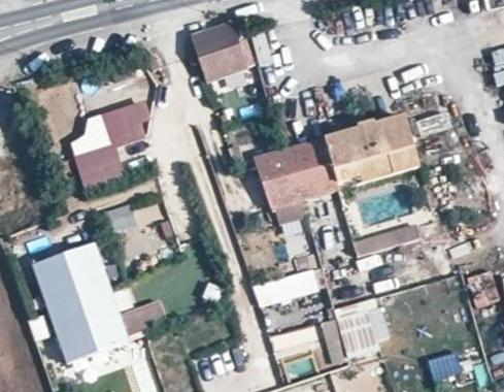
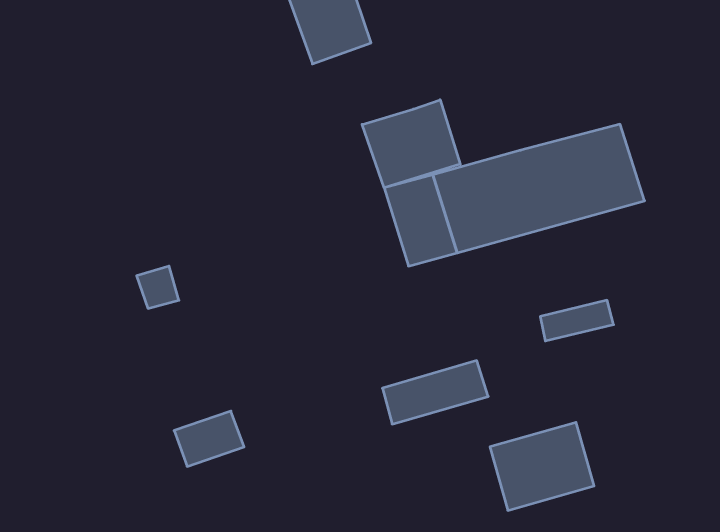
building: [73,101,152,193] -> none
building: none -> [362,100,460,188]
building: [34,247,122,362] -> none

